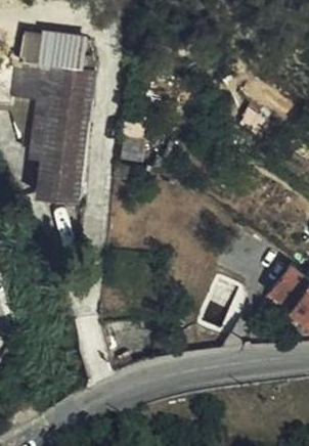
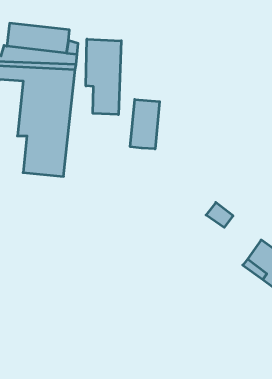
building: none -> [86,39,121,115]
building: none -> [130,99,160,149]

